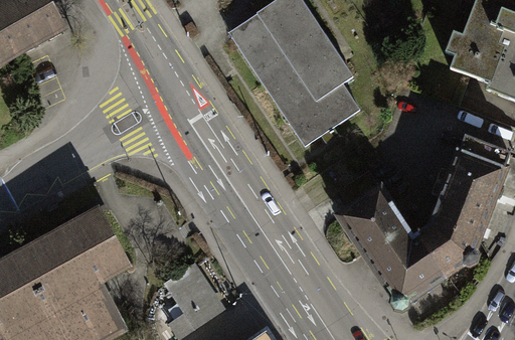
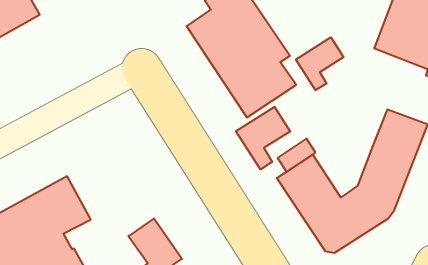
building: none -> [296,37,344,90]
building: none -> [236,107,290,169]

